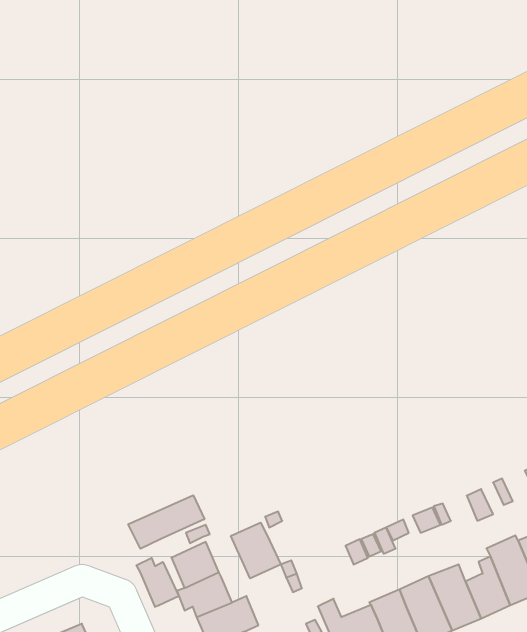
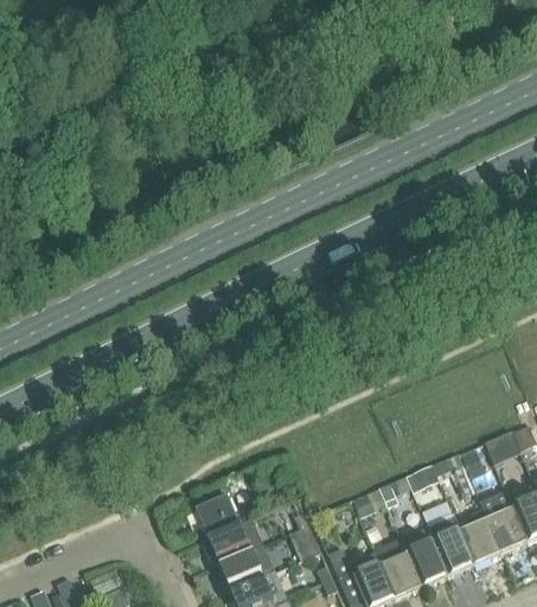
building: [128,495,204,549] -> none
building: [231,523,281,578] -> none
building: [136,558,179,607] -> none

